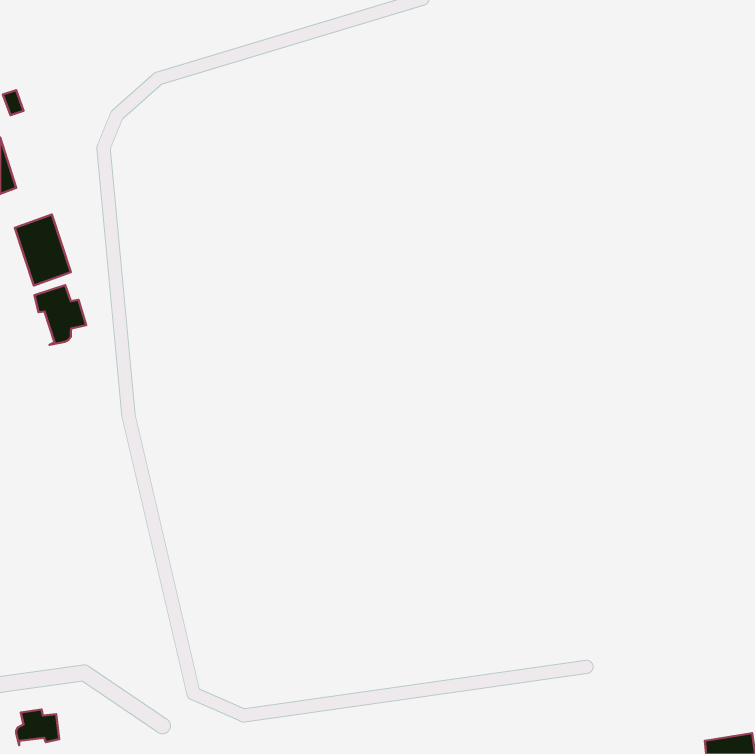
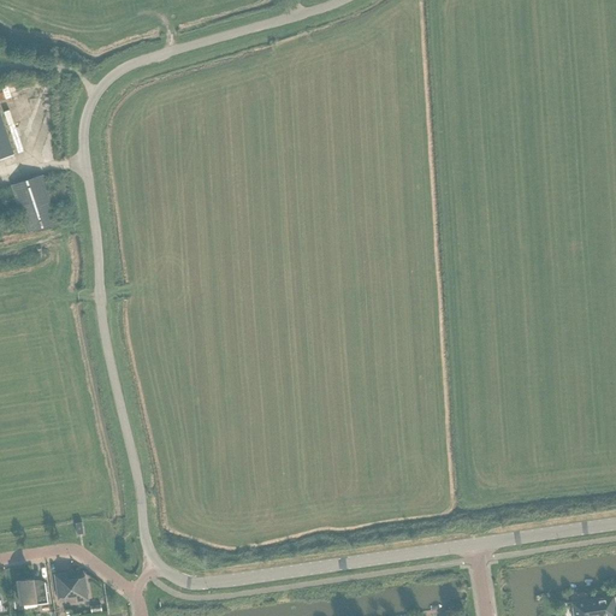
building: [35,285,86,345] -> none
building: none -> [55,573,88,600]

